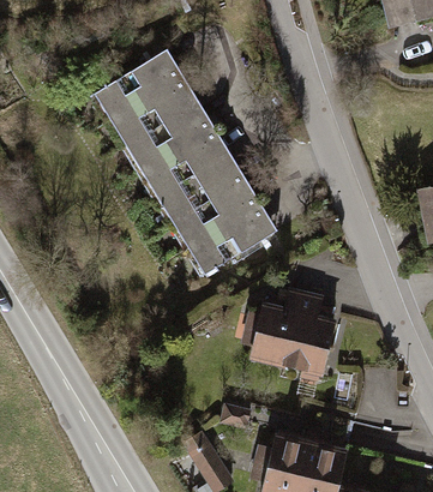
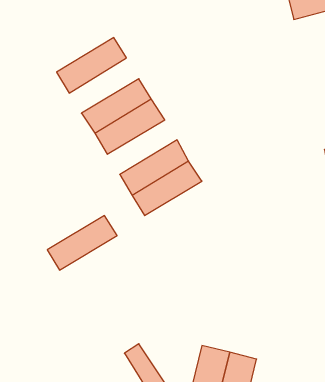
building: [109,76,197,145] -> none
building: [157,154,245,222] -> [47,216,117,270]
building: [251,290,332,372] -> none

